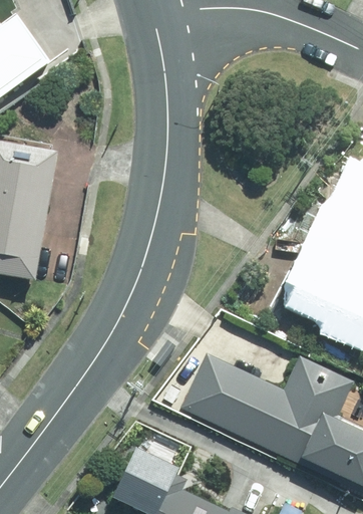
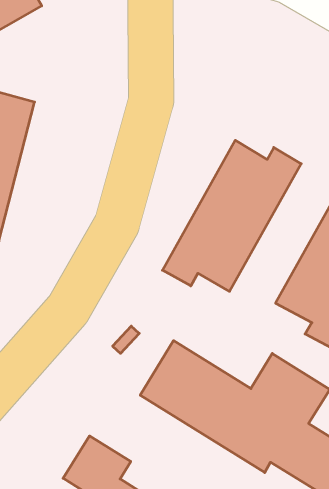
building: none -> [162,140,301,291]

